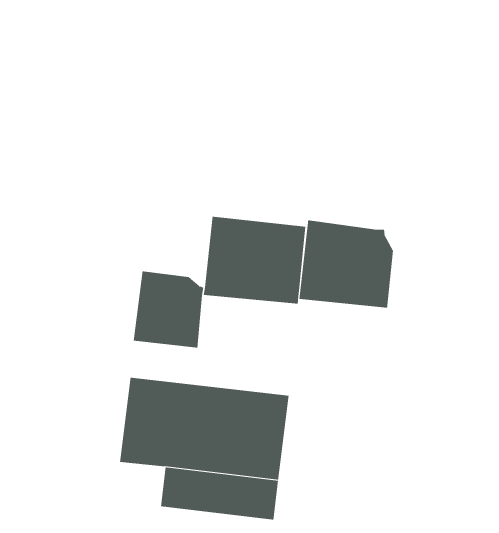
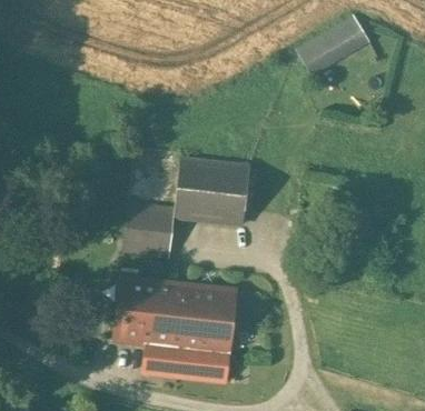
building: none -> [297,17,369,74]
building: [299,219,393,308] -> none

